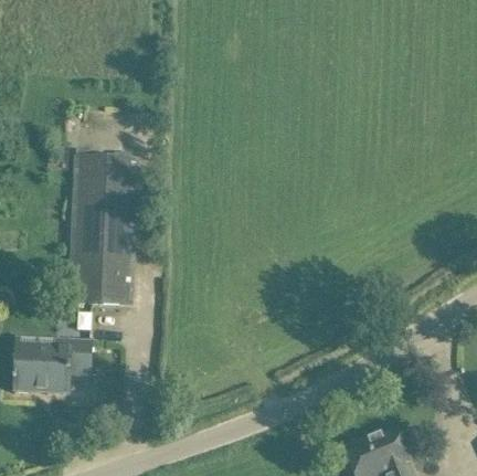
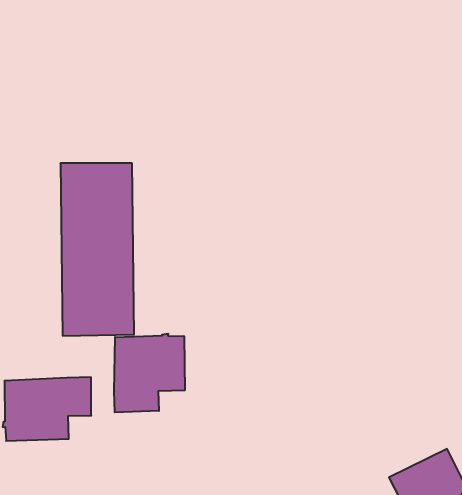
building: none -> [114,334,185,412]

